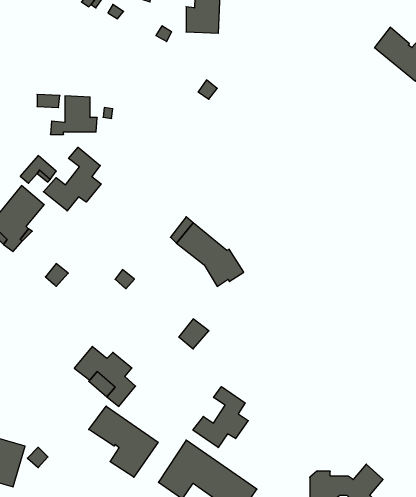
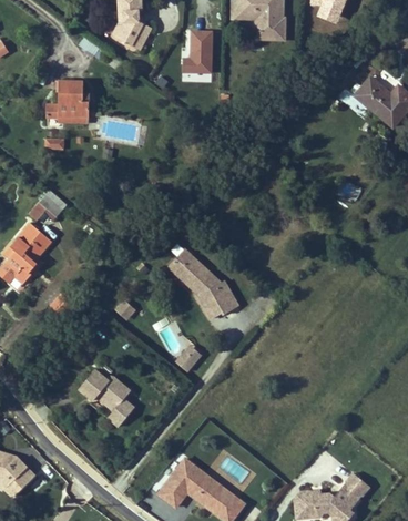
building: [50,96,97,134] -> [47,80,90,115]
building: [43,147,101,211] -> none
building: [193,387,248,448] -> none
building: [89,406,158,477] -> none

